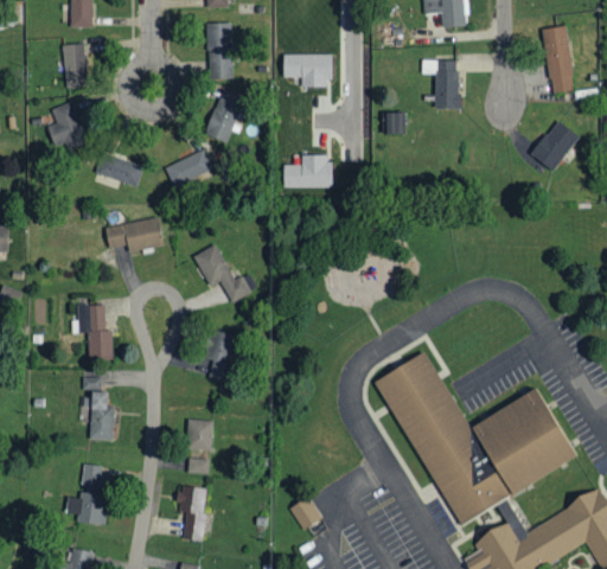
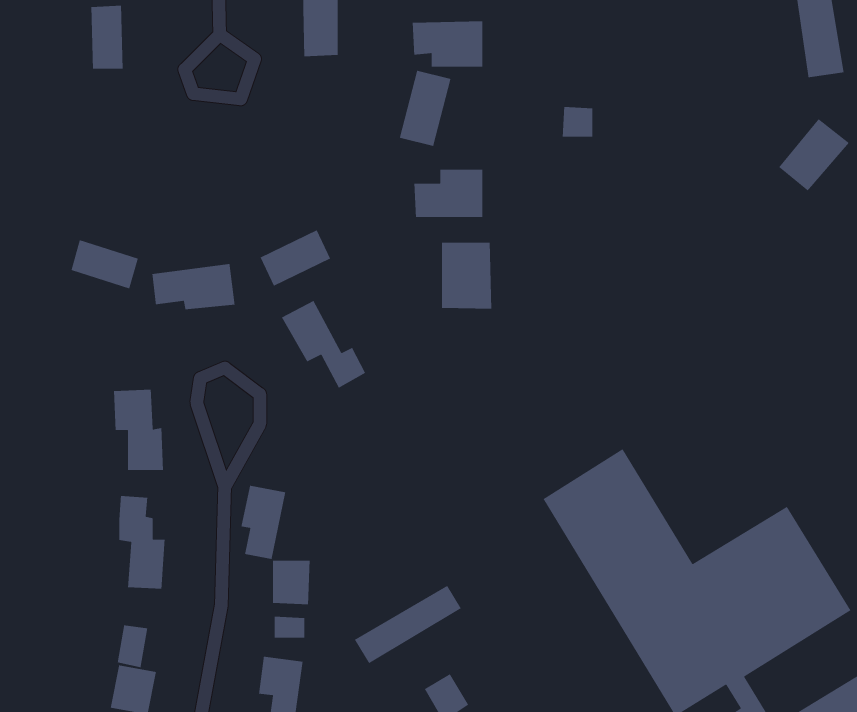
building: [422,60,460,109] -> none
building: [206,90,242,142] -> [399,70,451,147]
building: [47,102,85,149] -> none
building: [165,149,213,188] -> [260,229,331,287]
building: [97,153,143,187] -> [71,239,139,290]
building: none -> [441,242,492,310]
building: [205,331,236,382] -> [241,485,286,560]
building: none -> [354,585,462,664]

